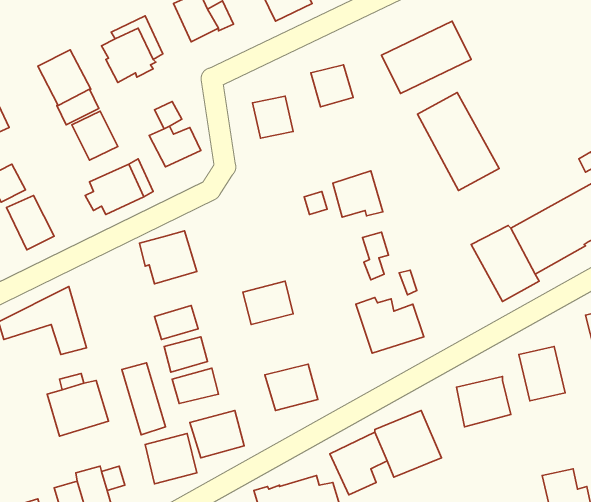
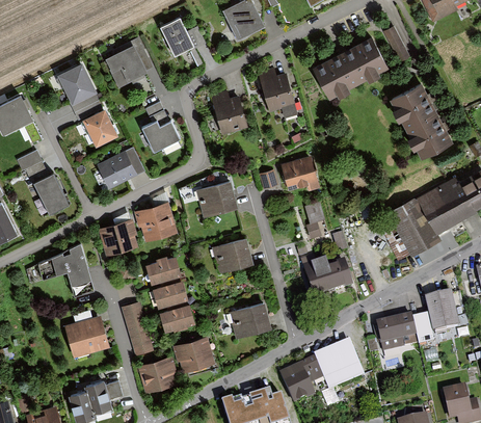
building: [418,92,499,190] -> [391,84,453,159]
building: none -> [195,180,237,218]
building: none -> [98,218,138,257]
building: none -> [411,312,433,343]

